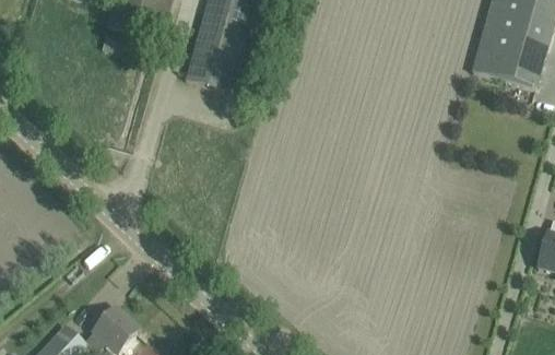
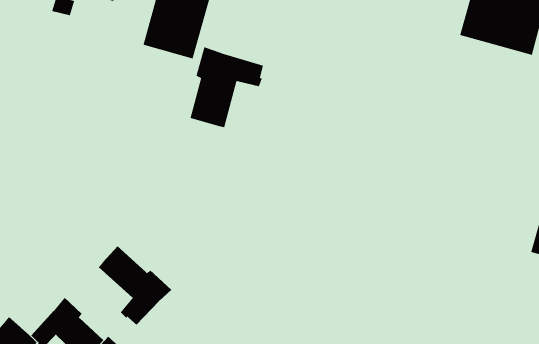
building: none -> [189,46,264,128]
building: none -> [98,245,172,325]

